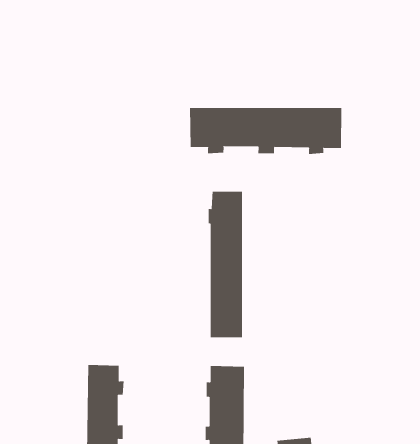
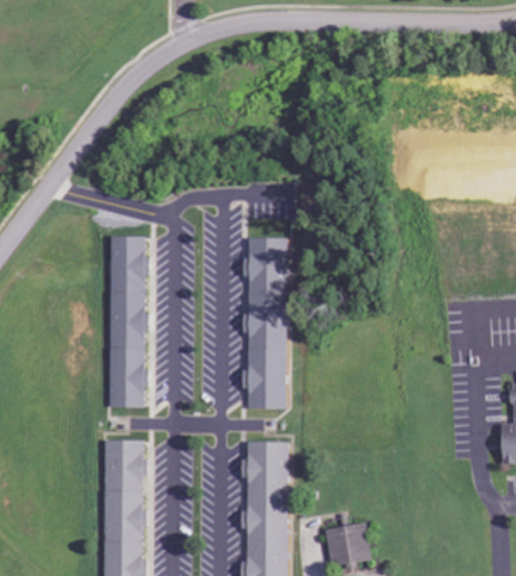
building: [189,107,342,155] -> none
building: none -> [109,236,151,407]

